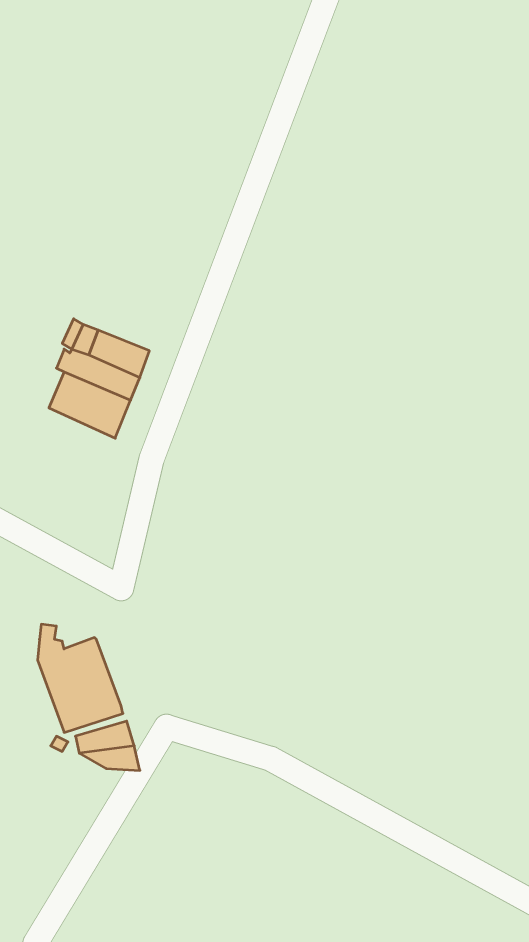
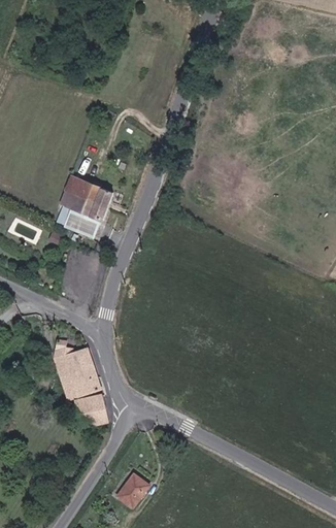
building: none -> [113,469,148,505]

